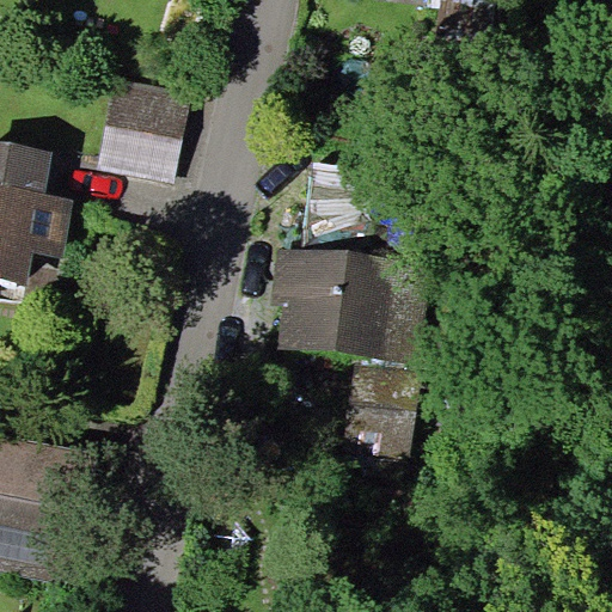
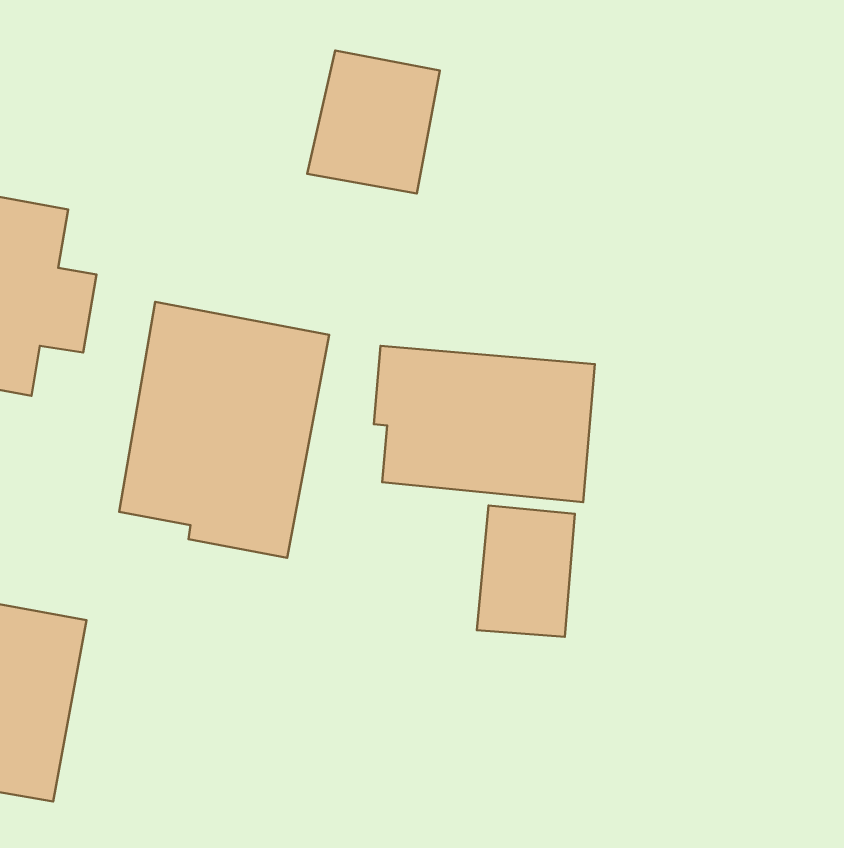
building: [92,80,188,183] -> [307,51,440,194]
building: none -> [119,302,329,558]

